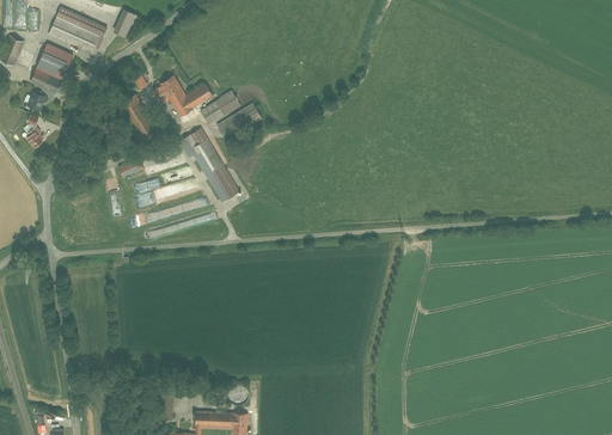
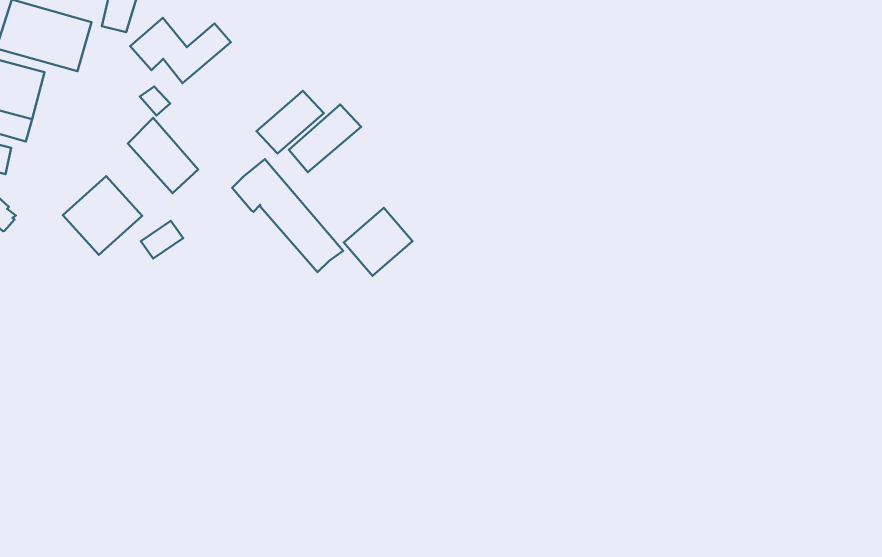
building: [152,73,214,115] -> [130,18,231,83]
building: none -> [63,176,142,255]
building: none -> [344,208,413,276]

